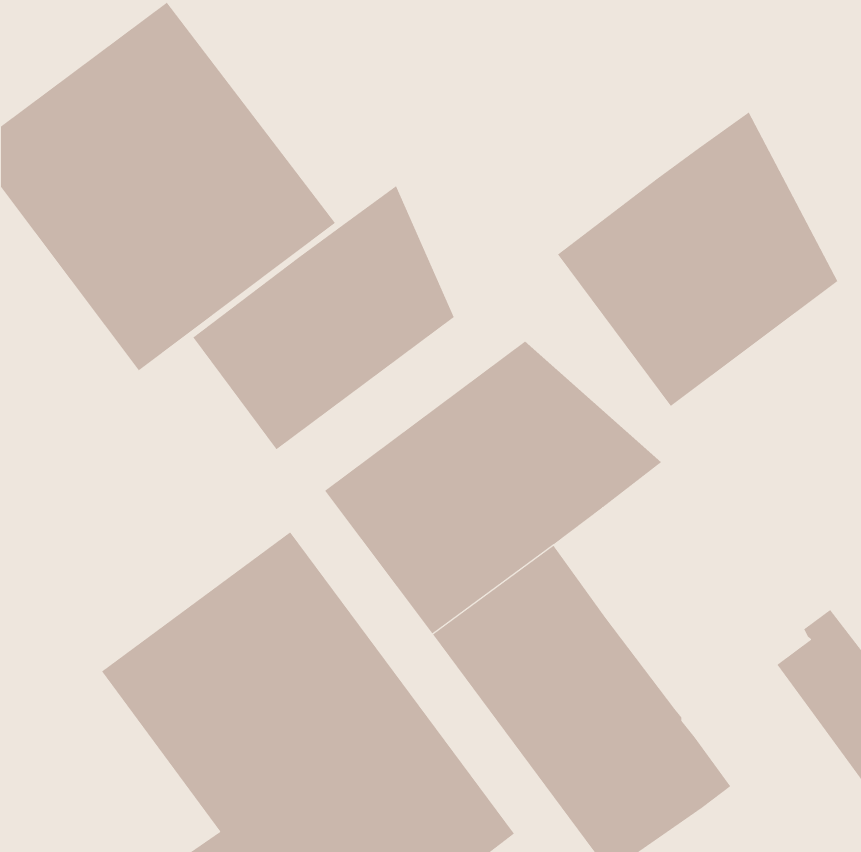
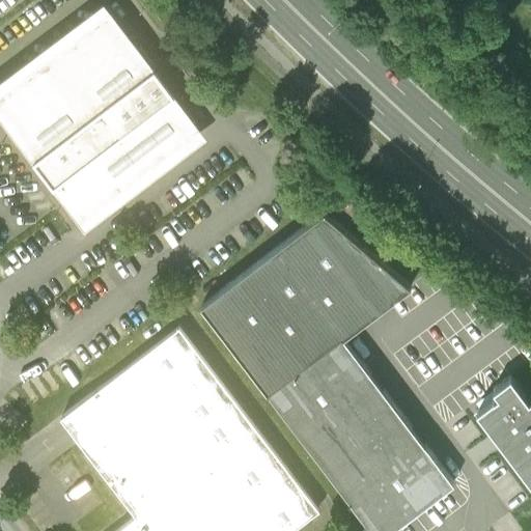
building: [557,111,838,407] -> none
building: [192,185,454,450] -> none

